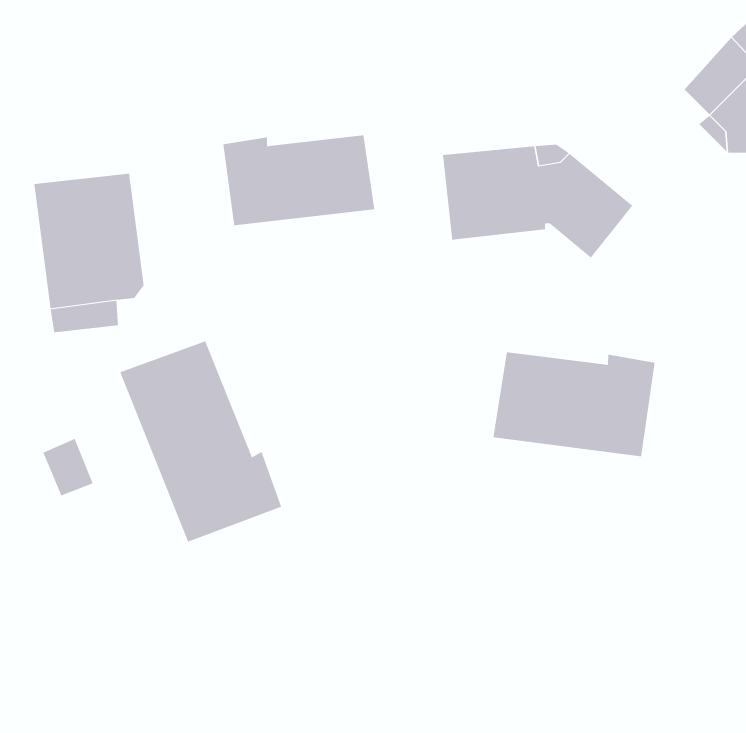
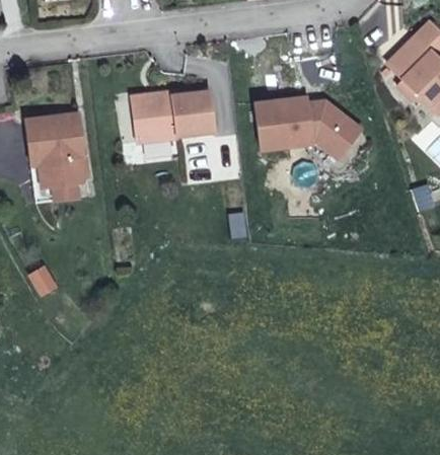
building: [119,340,282,543] -> none
building: [493,351,655,457] -> none

